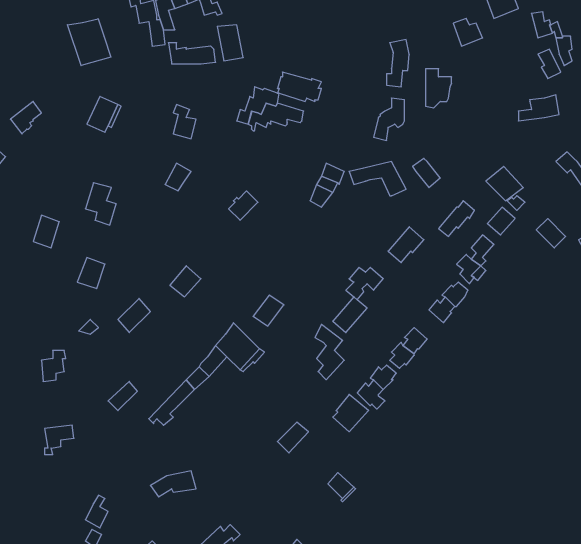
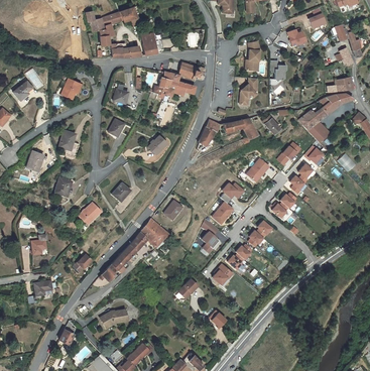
building: [67,19,111,66] -> none
building: none -> [298,94,354,130]

